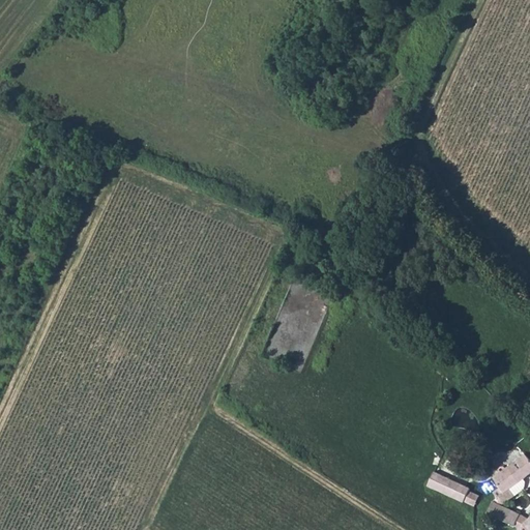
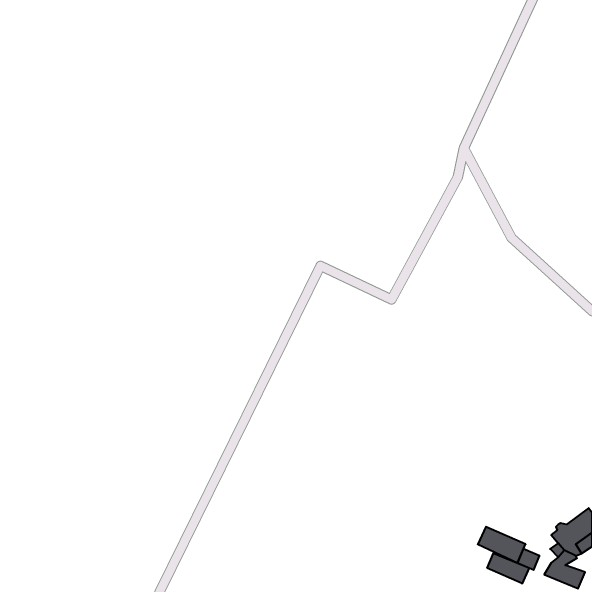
building: none -> [487,553,529,584]

